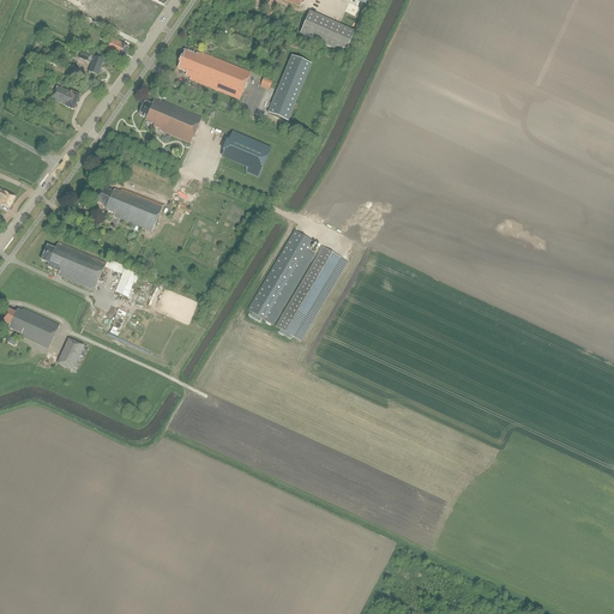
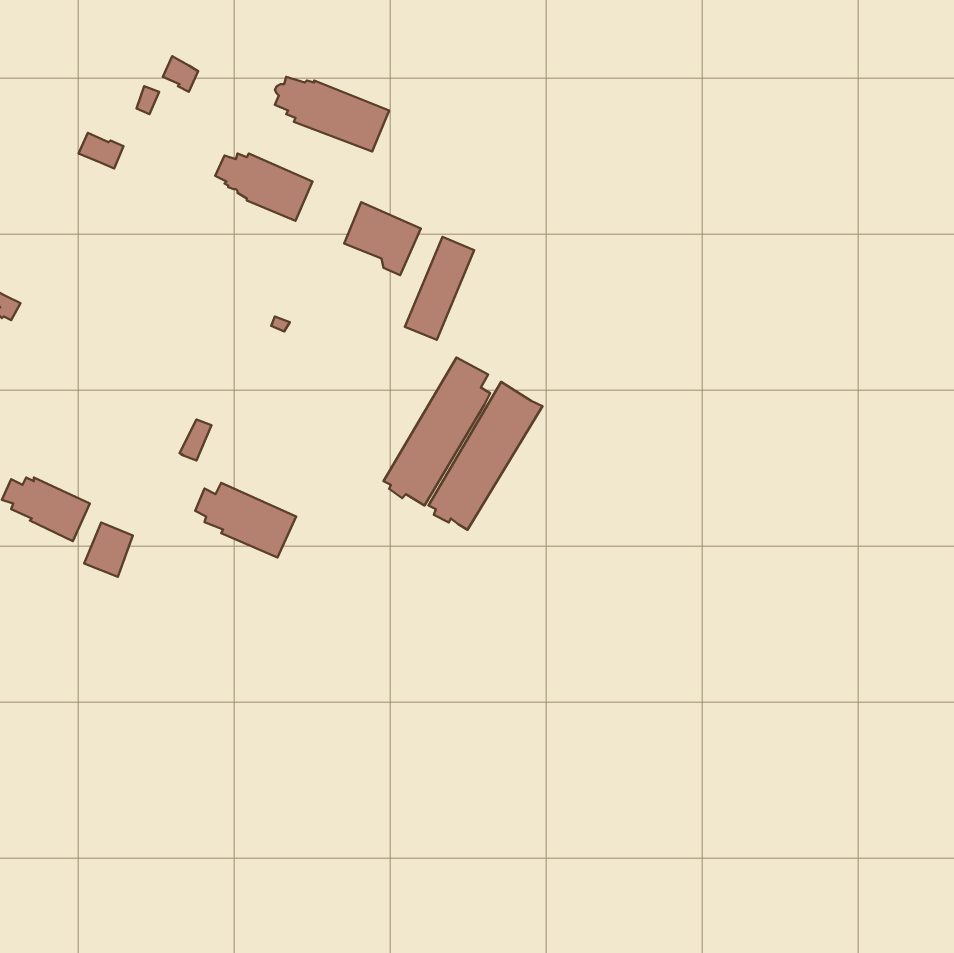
building: [299,10,354,53] -> none
building: [266,54,311,120] -> [405,237,474,340]
building: [95,186,162,230] -> none
building: [40,240,104,288] -> [195,483,296,558]

